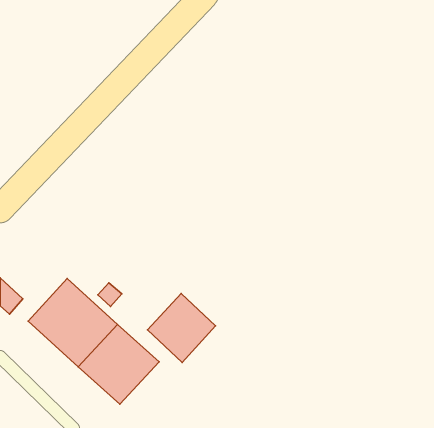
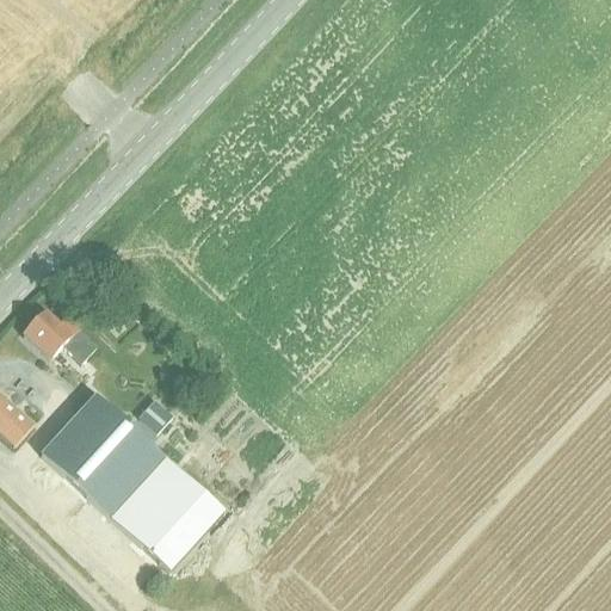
building: none -> [24,307,98,363]
building: [148,293,216,362] -> none

